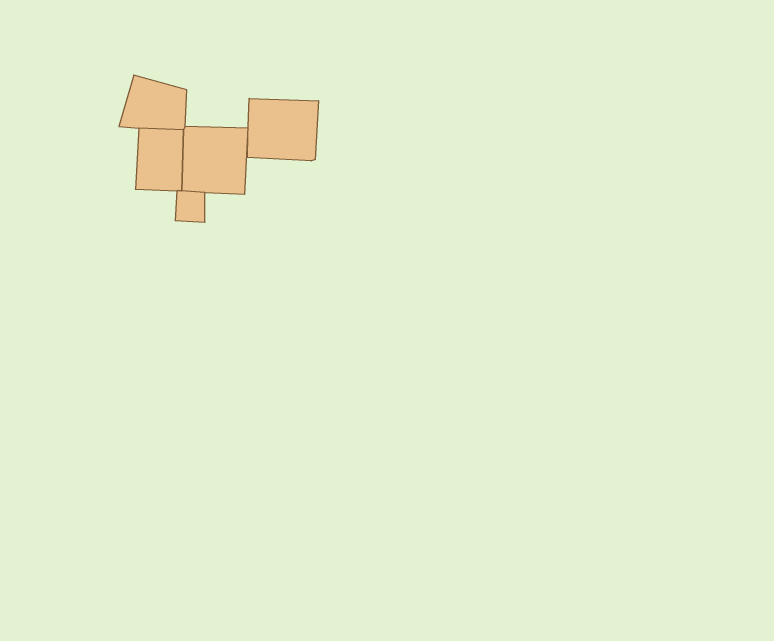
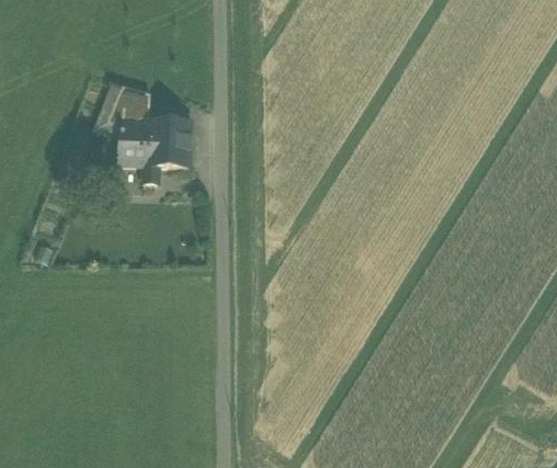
building: [248,98,319,161] -> none

